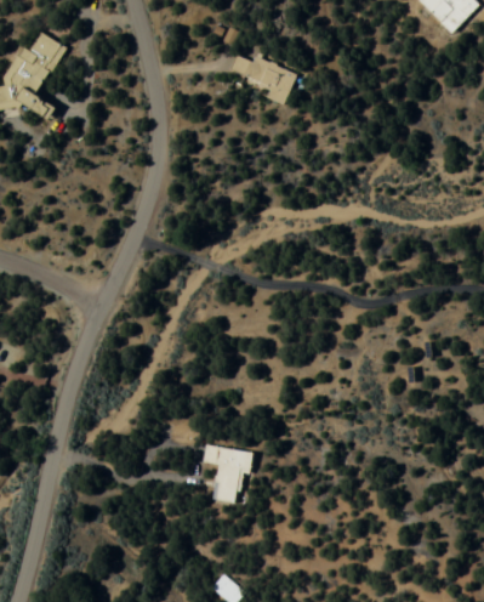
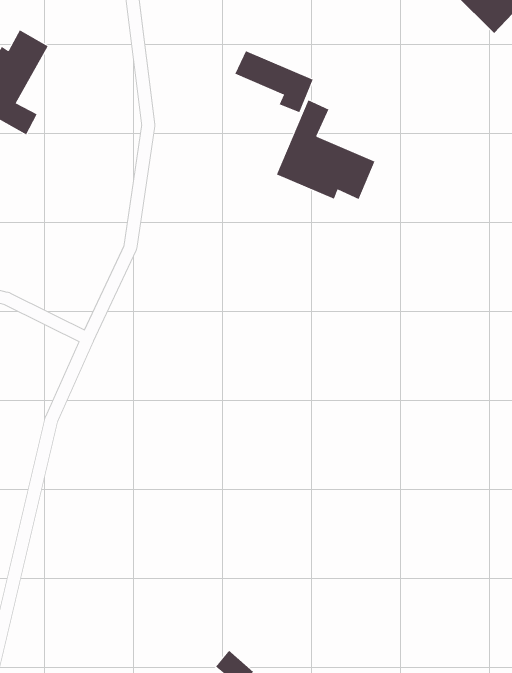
building: none -> [276,100,375,200]
building: [201,444,249,505] -> none

